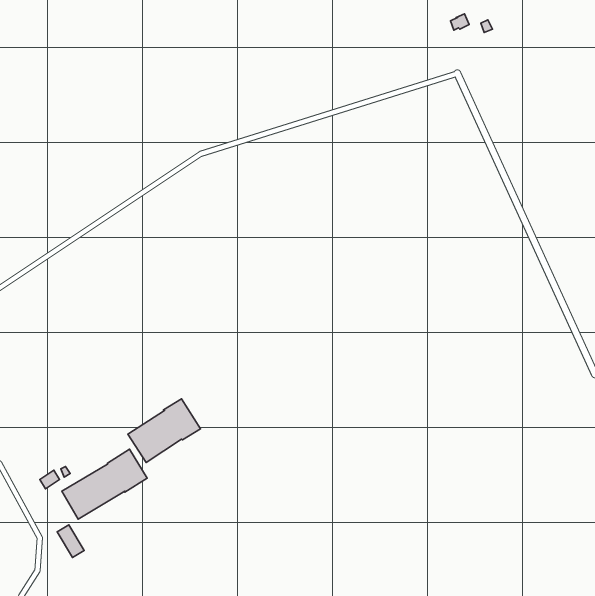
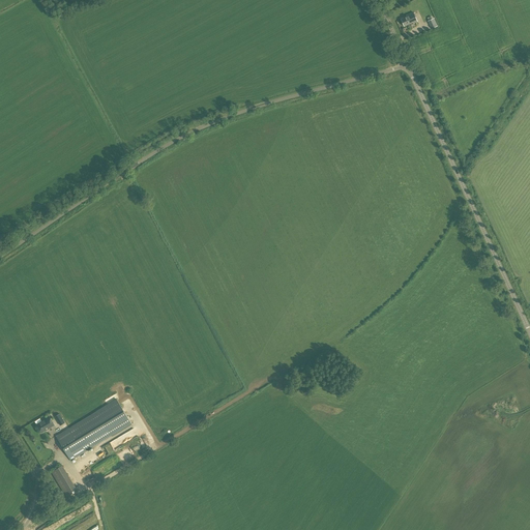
building: [128,399,200,462] -> none

